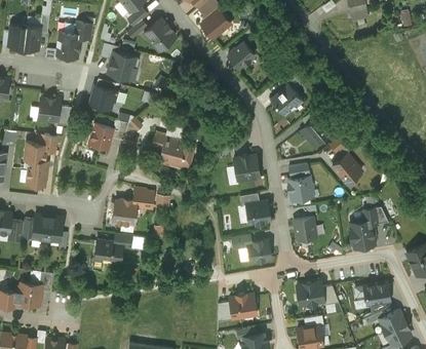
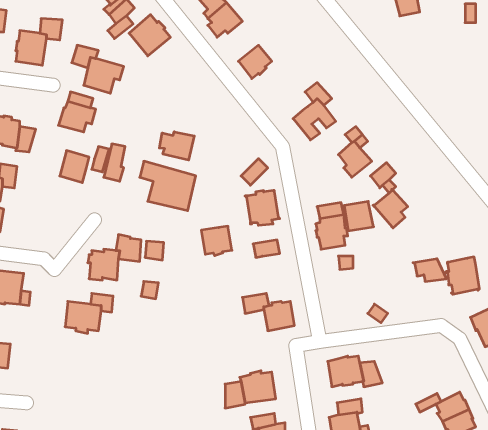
building: none -> [159,132,194,160]
building: [246,201,270,224] -> [201,226,232,256]
building: [294,217,316,239] -> [344,201,374,231]
building: [349,219,375,247] -> [446,257,479,294]
building: [355,281,390,304] -> none

